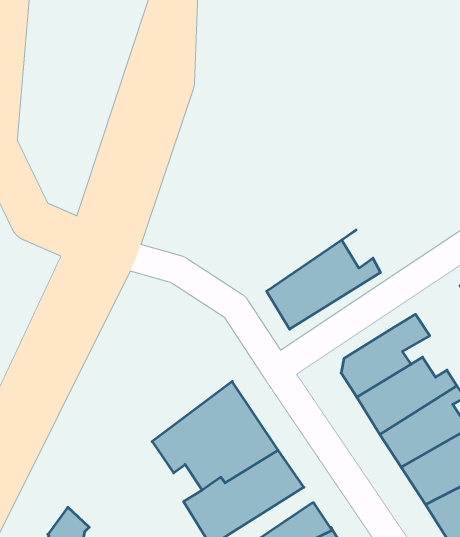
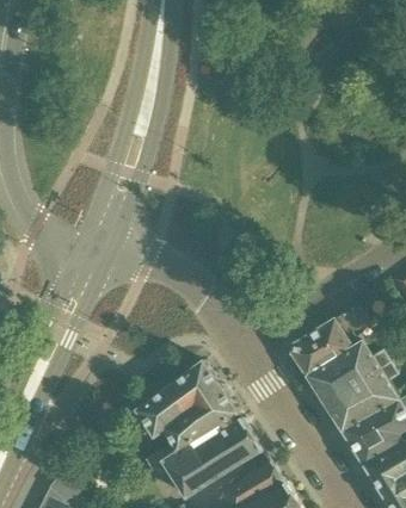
building: [267,230,380,329] -> none

